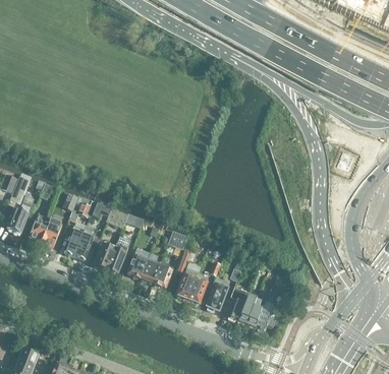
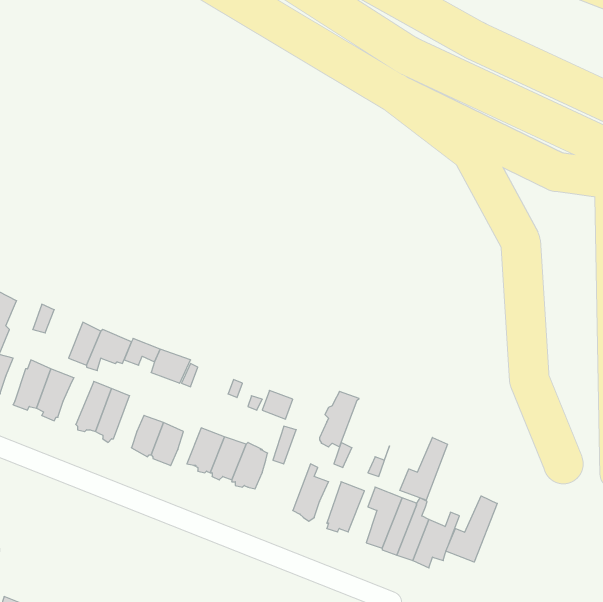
building: none -> [400,437,447,500]
building: [176,267,199,299] -> [320,391,359,447]
building: none -> [446,496,497,562]

